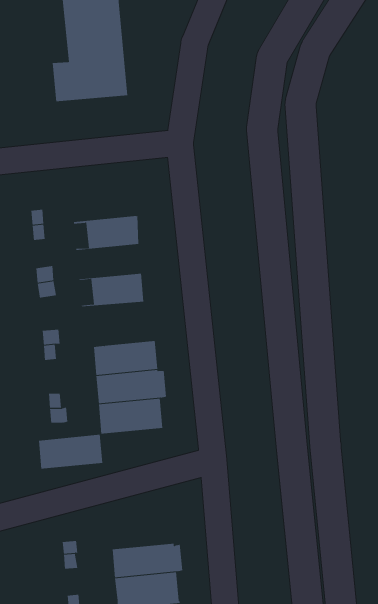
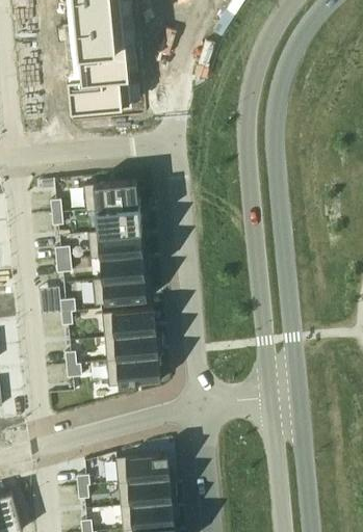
building: none -> [84,181,139,210]
building: none -> [88,229,144,258]
building: none -> [94,276,148,305]
building: [38,434,103,469] -> [116,453,171,482]

